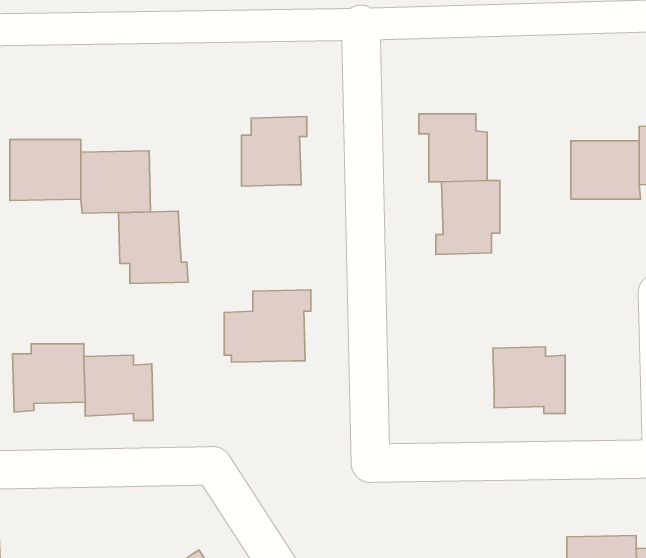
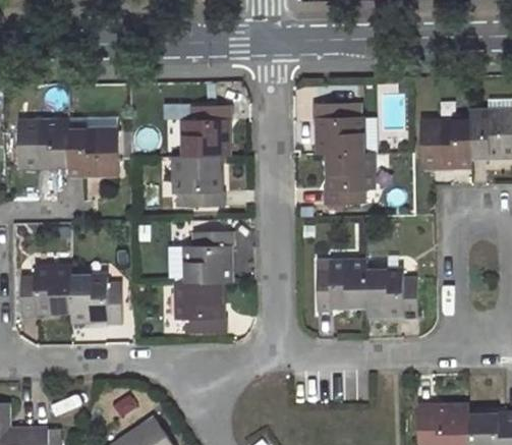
building: [119,211,188,283] -> [175,155,225,207]
building: none -> [316,262,365,312]
building: none -> [177,281,227,333]

